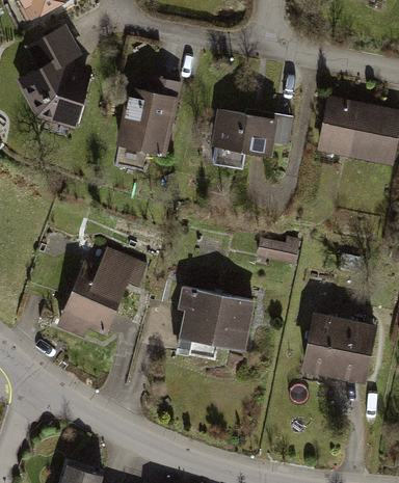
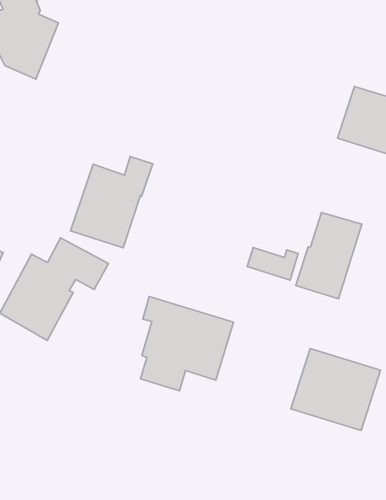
building: [119,79,180,153] -> [70,156,153,248]
building: [213,110,274,168] -> none
building: none -> [296,212,362,299]

